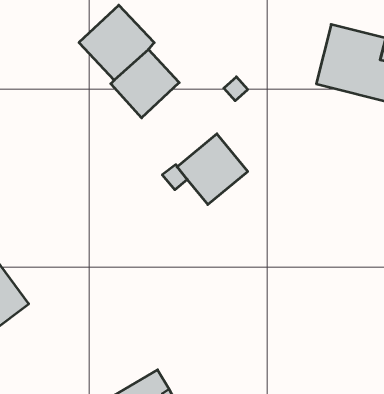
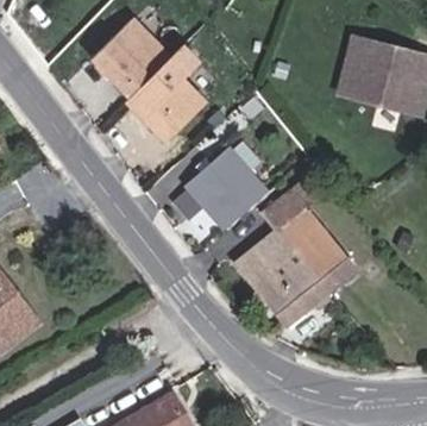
building: none -> [234,174,354,326]

